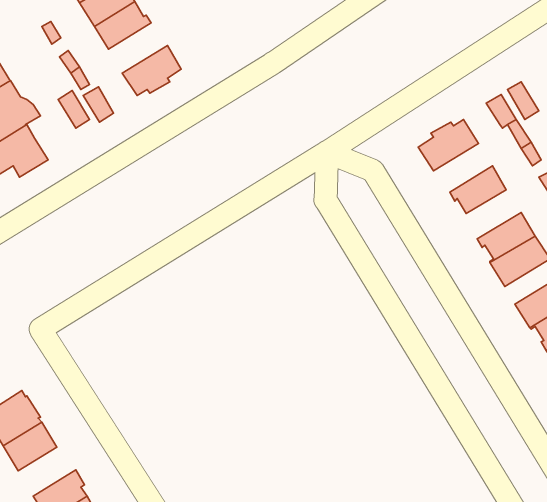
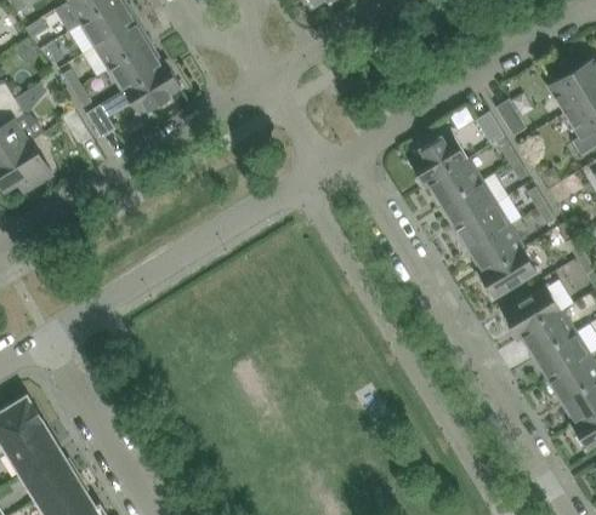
building: none -> [109,42,166,91]
building: none -> [424,159,481,206]
building: none -> [455,204,509,251]
building: none -> [22,452,78,499]

